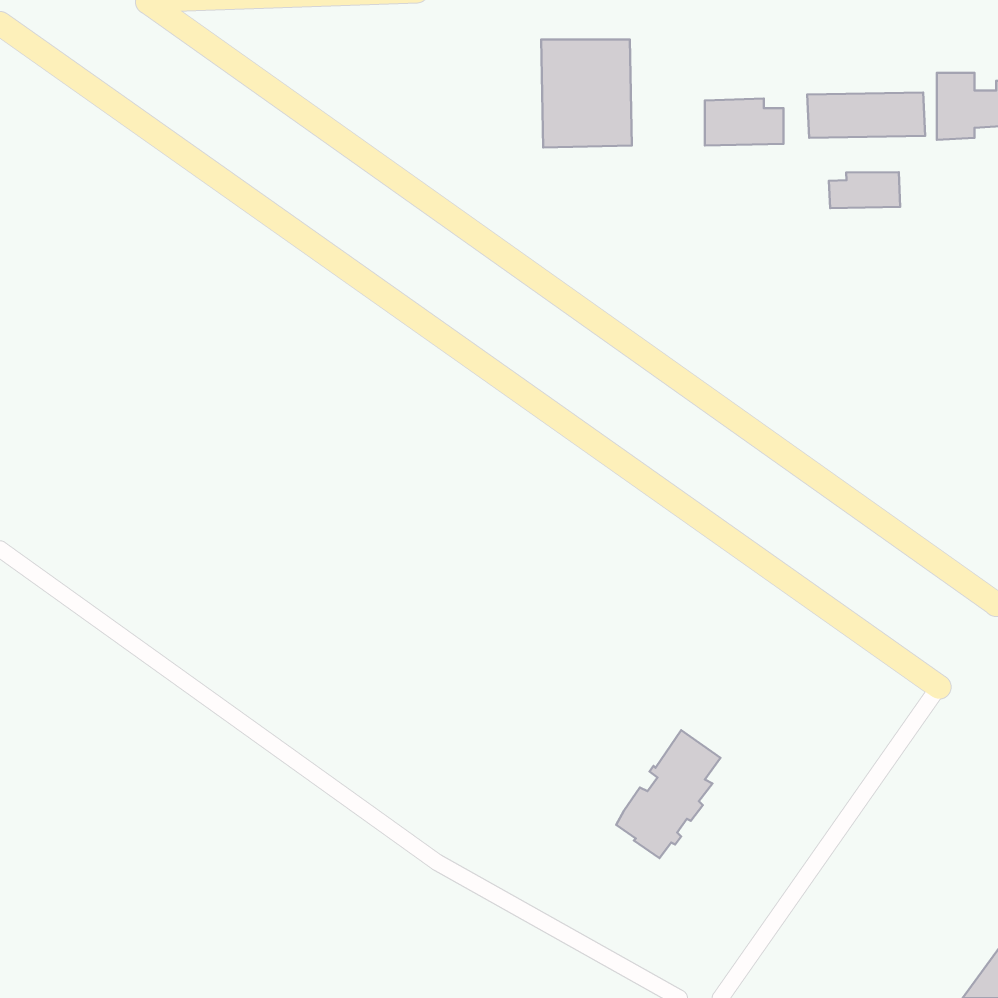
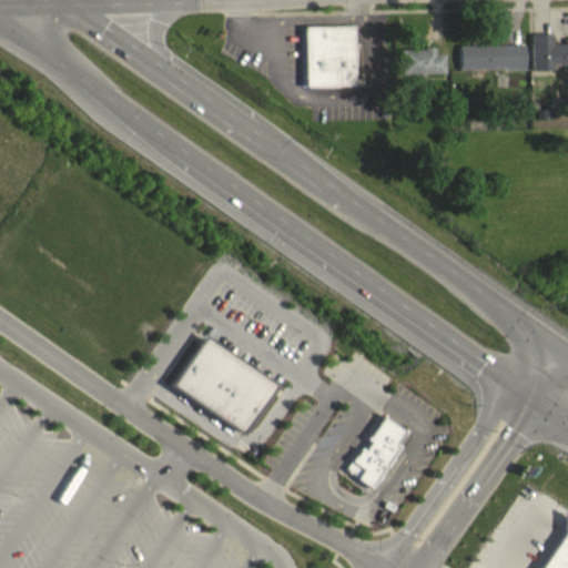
building: [829,172,900,208] -> none
building: none -> [174,331,281,432]

